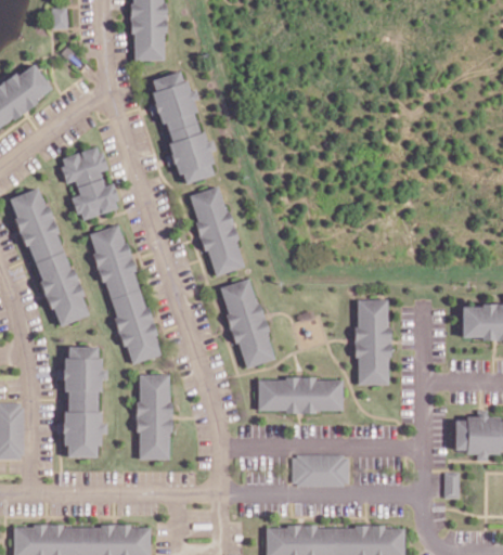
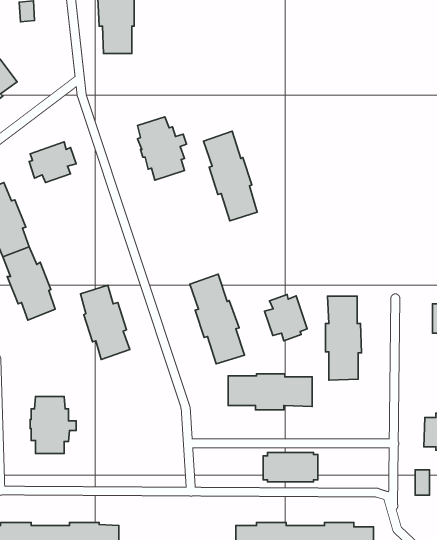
building: [152,70,201,131] -> none
building: [72,179,119,219] -> none
building: [191,186,244,275] -> [204,131,257,221]
building: [91,225,140,298] -> none
building: none -> [265,295,307,341]
building: [63,347,108,400] -> none
building: [138,374,172,457] -> none

